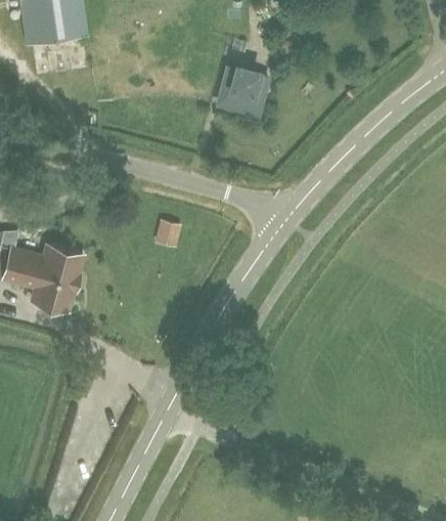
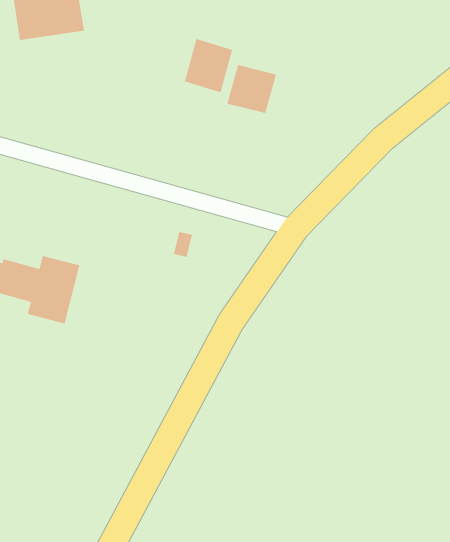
building: none -> [184,38,233,93]

